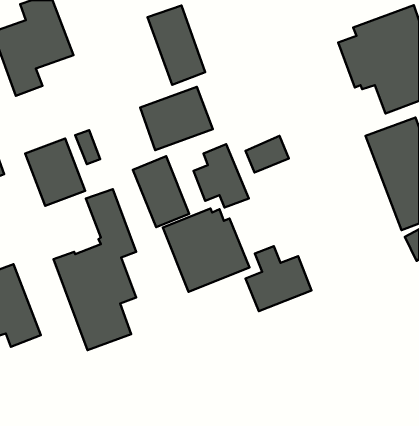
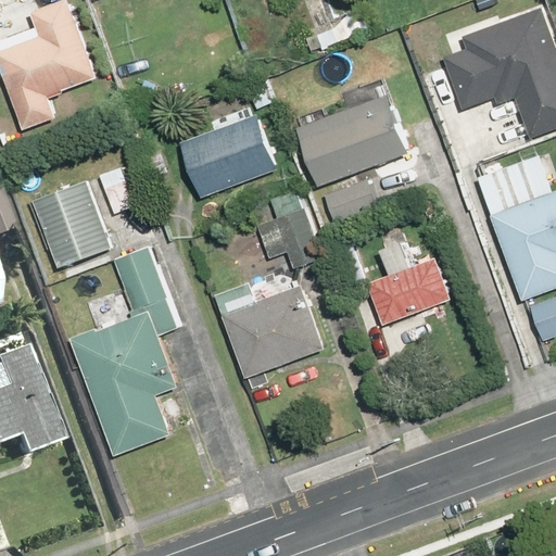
building: [148,6,205,85] -> none
building: none -> [298,94,410,188]
building: [133,156,189,227] -> none
building: [246,246,312,311] -> [366,241,452,326]

